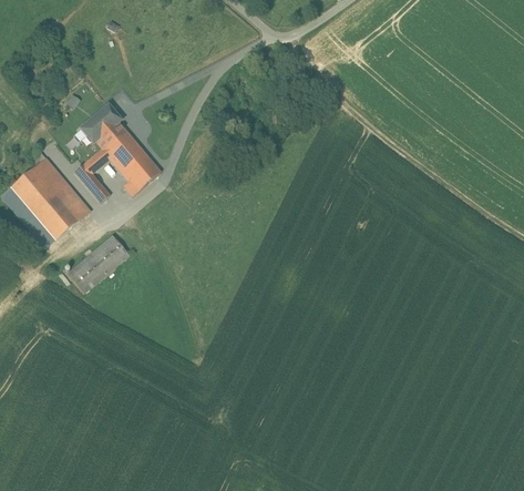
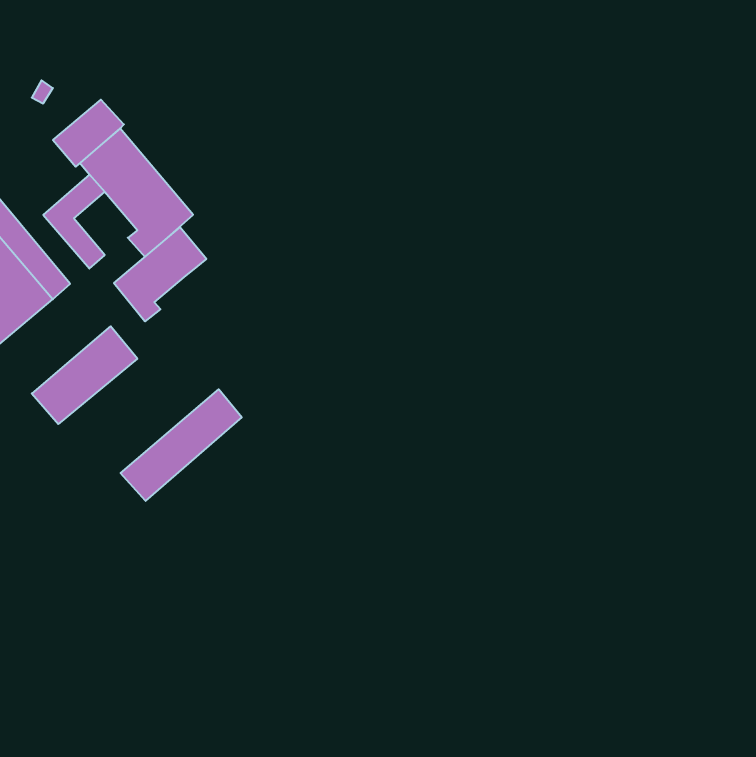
building: none -> [114,227,206,321]
building: none -> [121,389,242,501]

